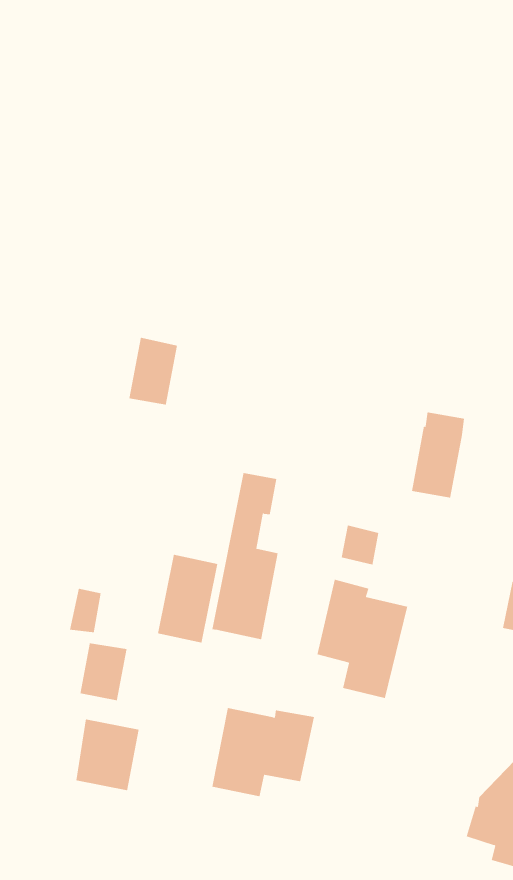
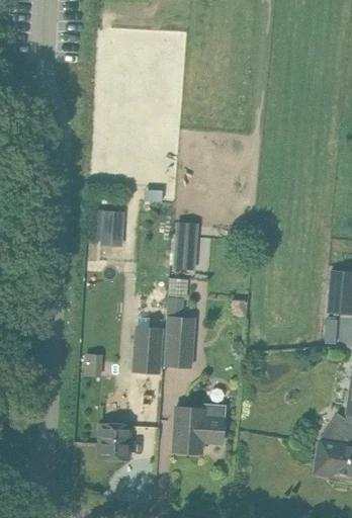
building: [411,412,465,498] -> [173,225,197,270]
building: [317,579,408,699] -> none
building: [80,643,127,701] -> none

